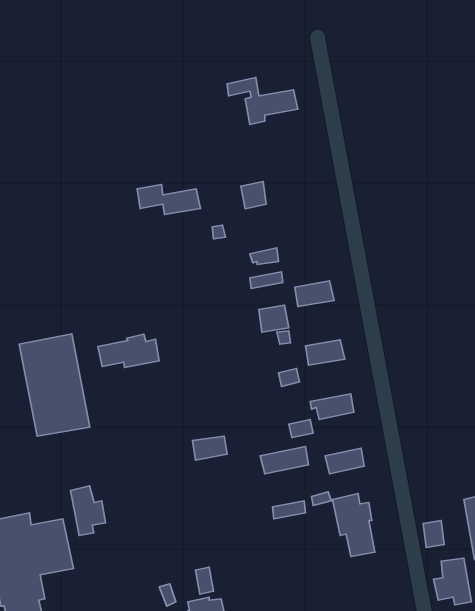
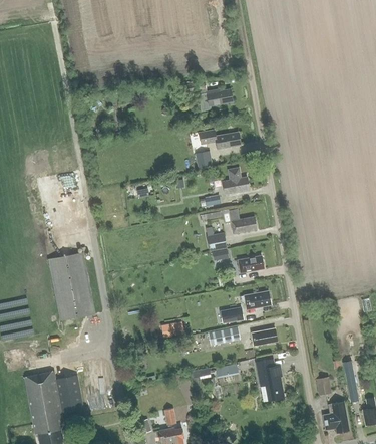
building: [137,184,201,215] -> [199,128,241,148]
building: none -> [224,167,249,193]
building: [98,334,159,367] -> none
building: [70,486,105,536] -> none

